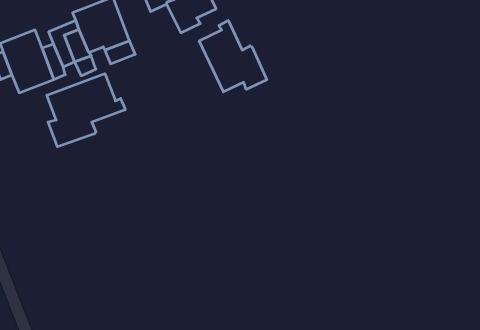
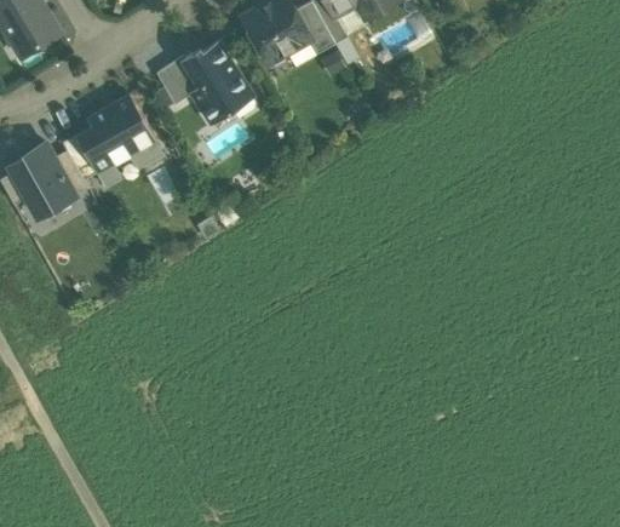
building: [199,21,267,92] -> none
building: [47,74,125,147] -> none

